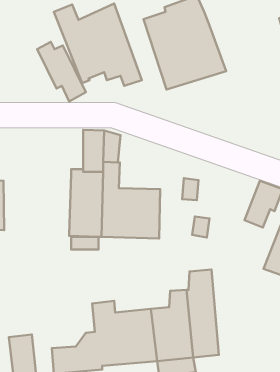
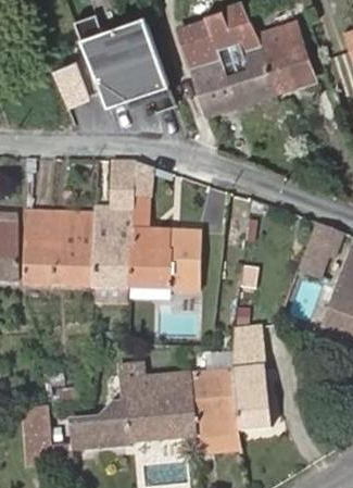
building: none -> [256,21,315,91]
building: none -> [24,212,93,285]

